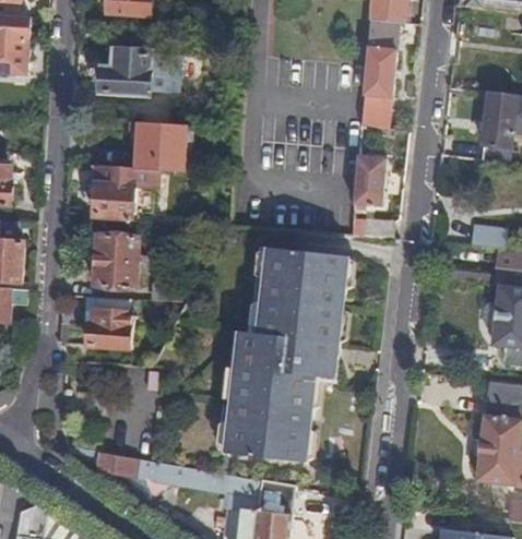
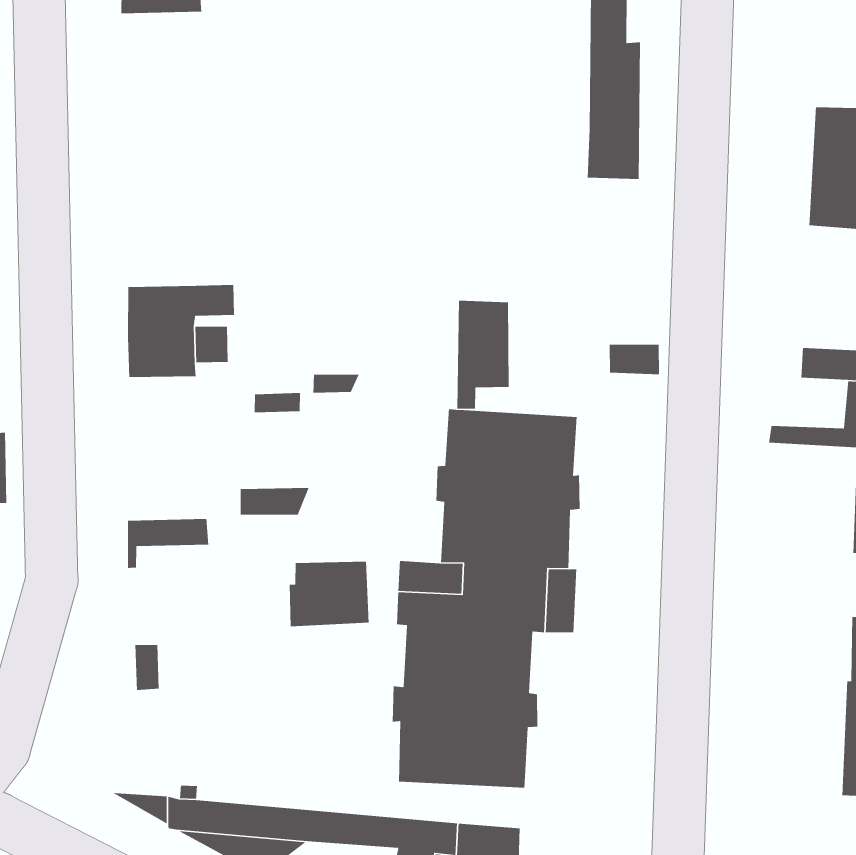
building: [102,51,180,95] -> none
building: [134,122,186,171] -> none
building: [351,155,384,217] -> [456,300,509,410]
building: [93,236,144,290] -> none
building: [85,312,131,349] -> [289,561,370,627]

